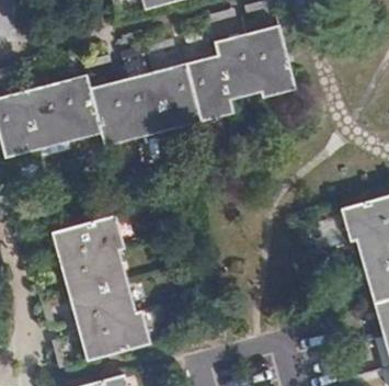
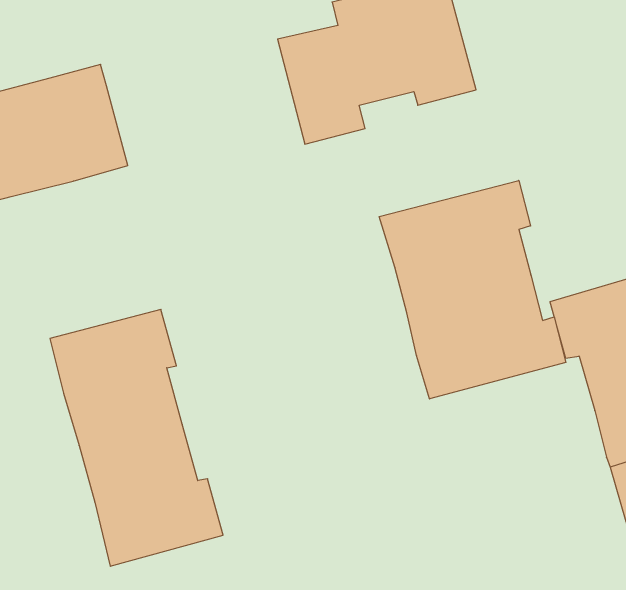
building: [89,61,201,146] -> none
building: none -> [379,180,566,399]

